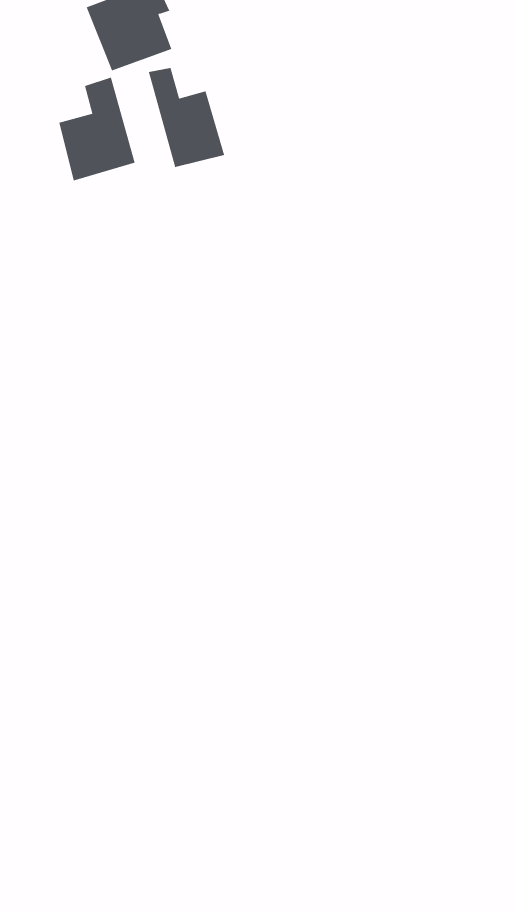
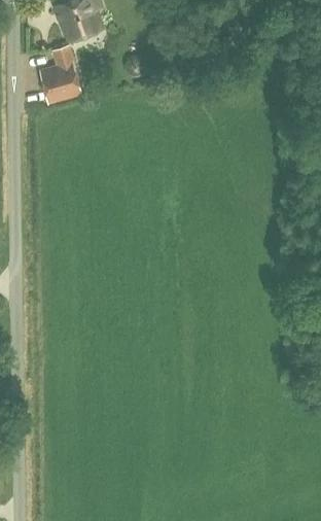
building: [148,67,225,168] -> none

